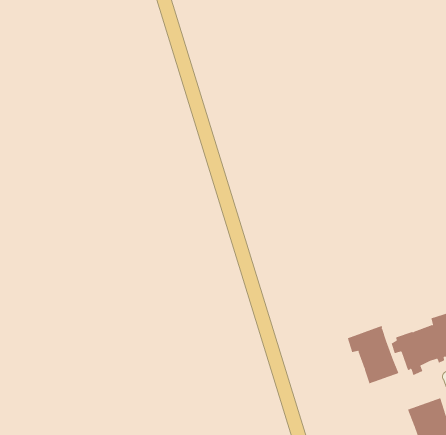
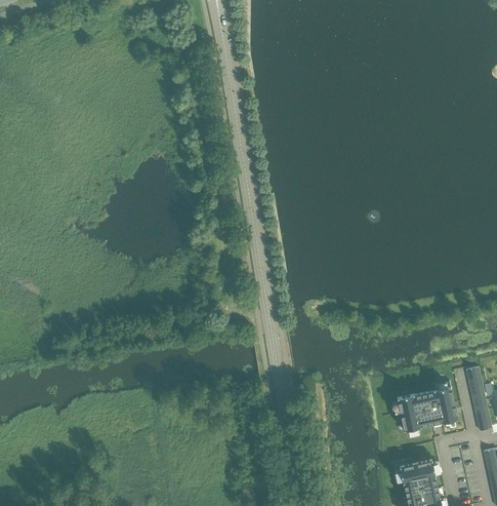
building: [347,325,399,384] -> none

